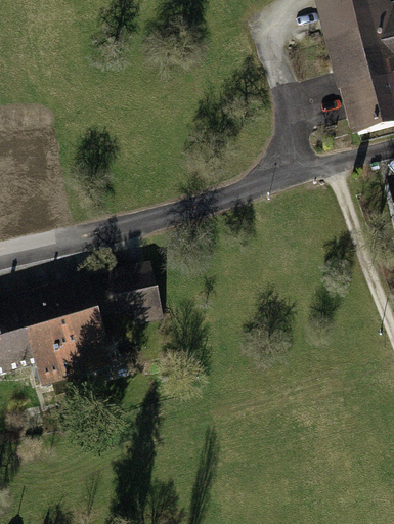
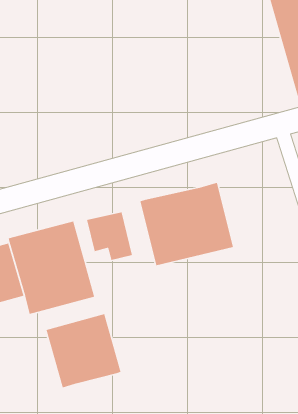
building: none -> [139,182,234,266]
building: none -> [45,313,122,389]

